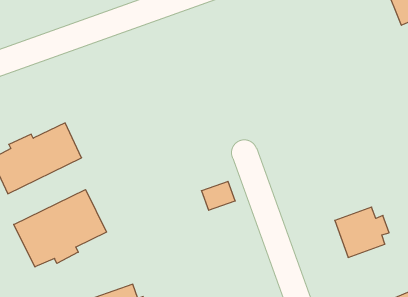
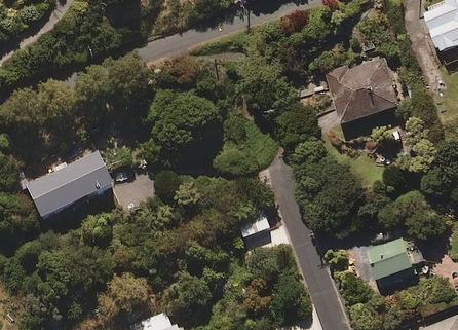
building: none -> [328,54,402,122]
building: [14,190,107,267] -> none

